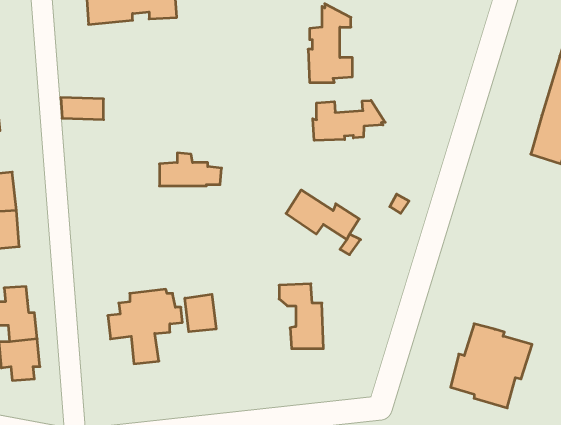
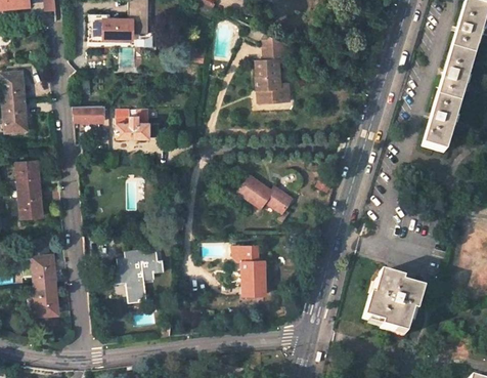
building: [313,100,385,140] -> none
building: [159,153,222,186] -> [112,114,158,138]
building: [185,294,216,332] -> none

